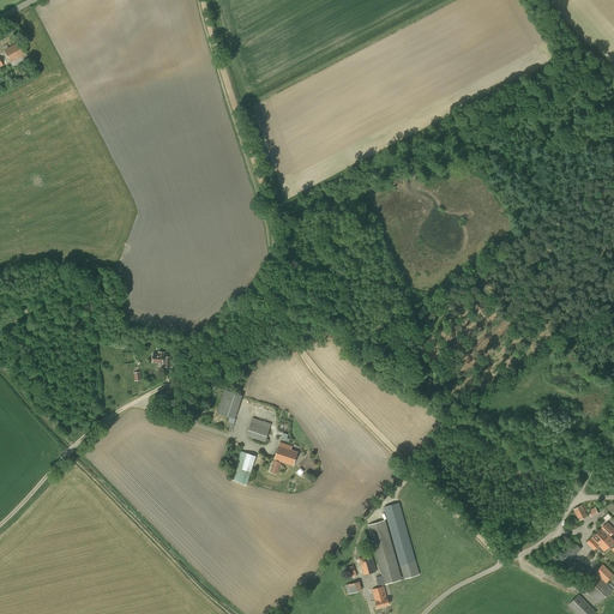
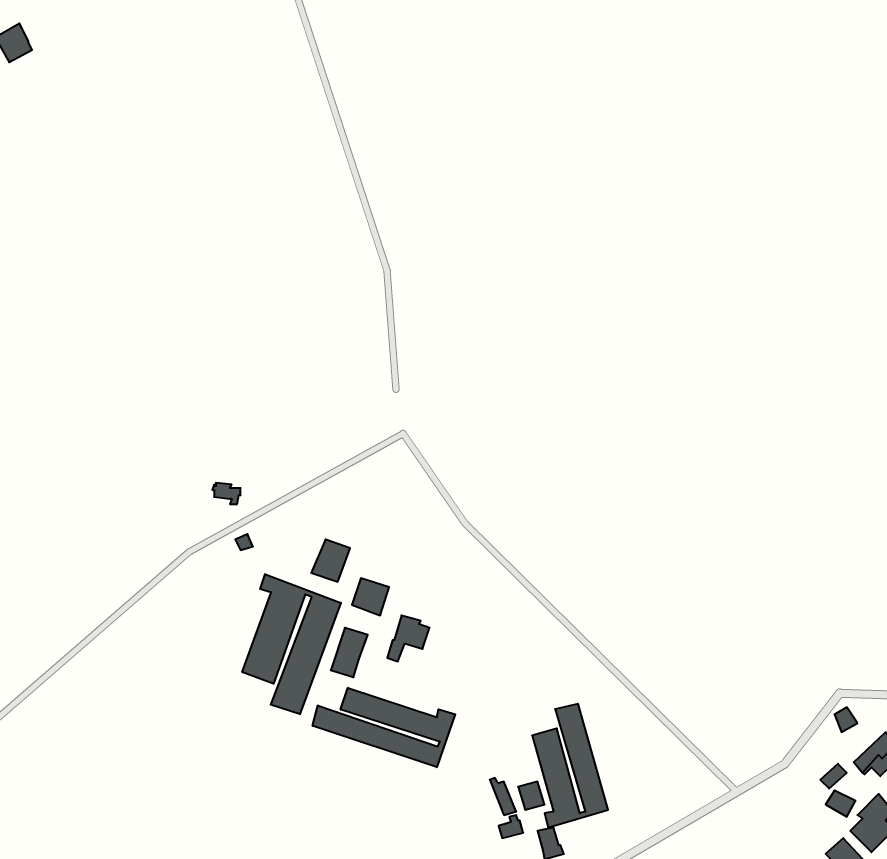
building: none -> [242,574,341,714]
building: none -> [313,688,455,767]

